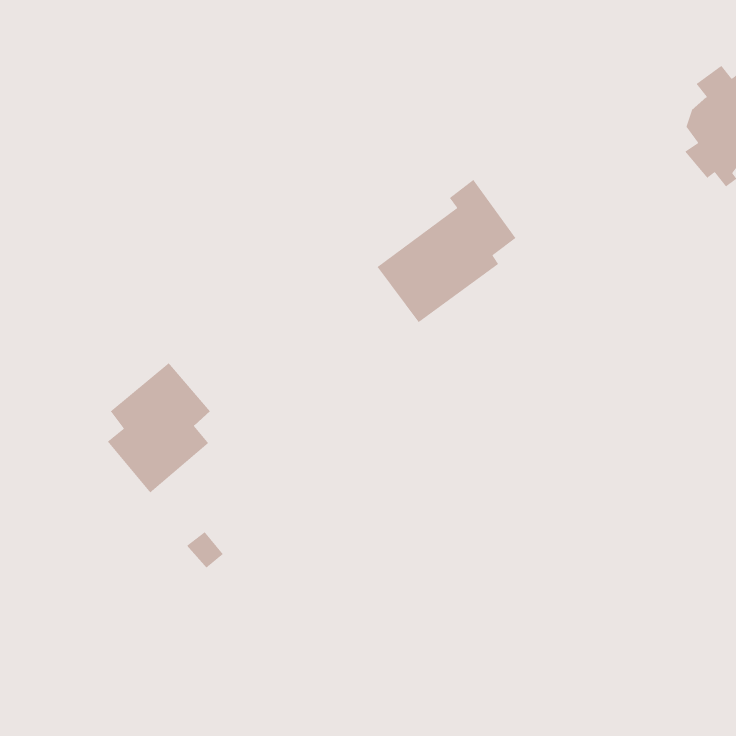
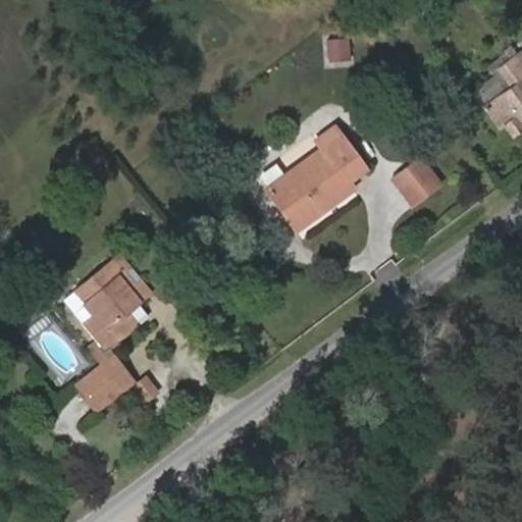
building: none -> [389,154,439,204]
building: none -> [73,354,136,413]

